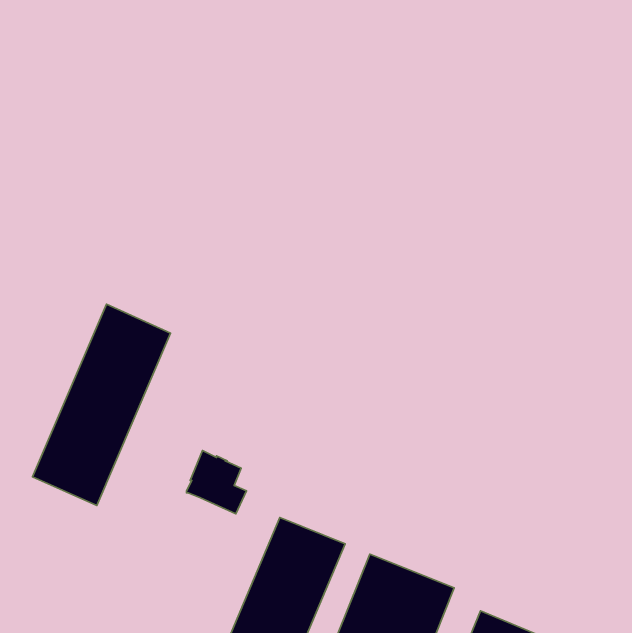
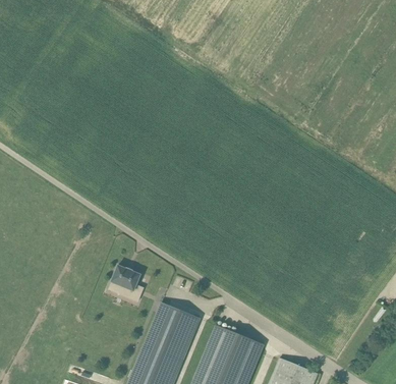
building: [32,304,171,506] -> none

